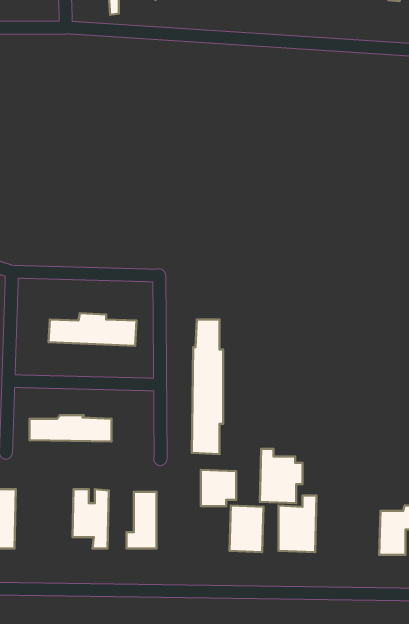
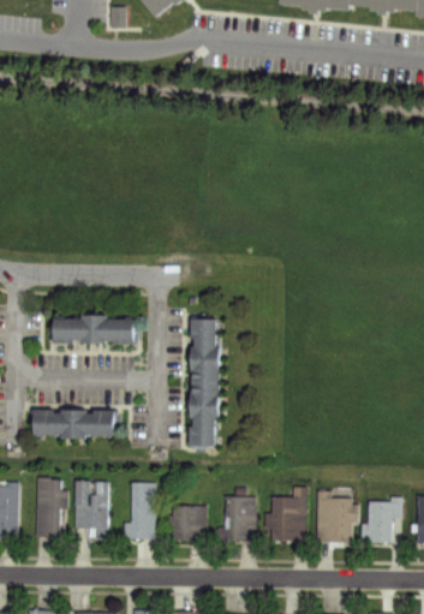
building: [260,449,303,503] -> [318,490,359,542]
building: [201,470,236,506] -> [173,505,207,540]
building: none -> [36,477,68,536]

